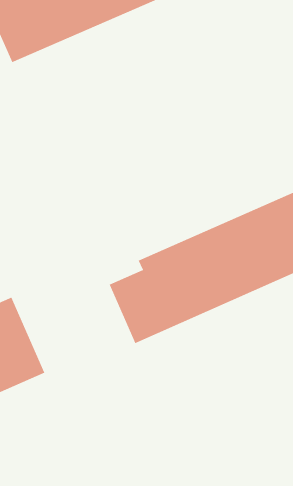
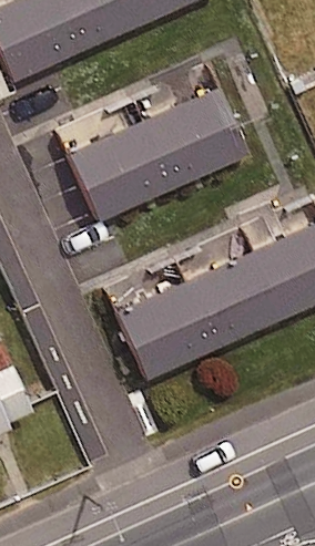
building: none -> [68,87,246,222]

